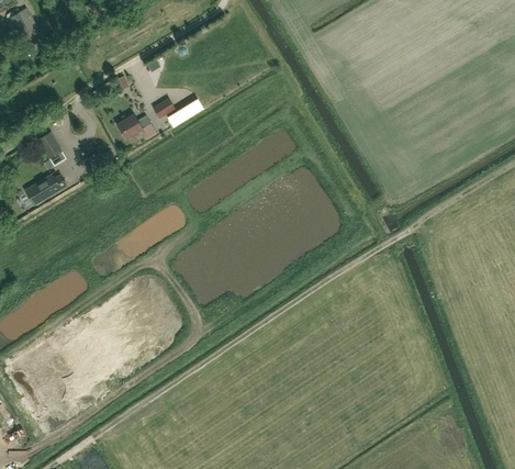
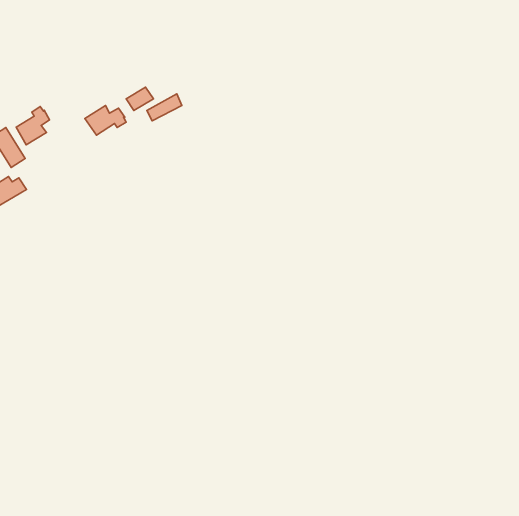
building: none -> [16,107,49,145]

